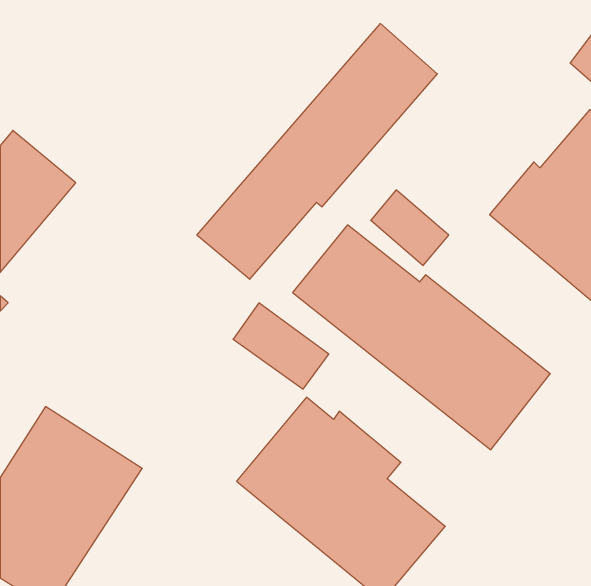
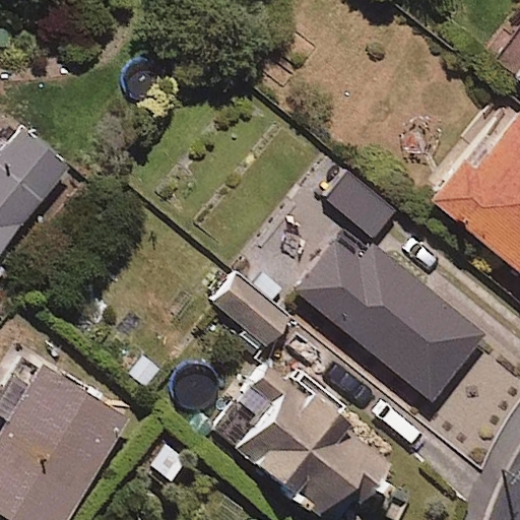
building: [197,24,437,279] -> none

